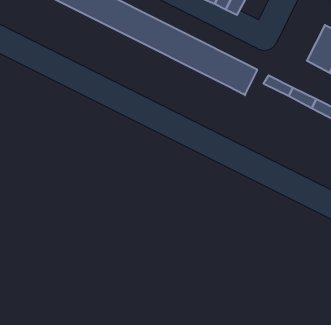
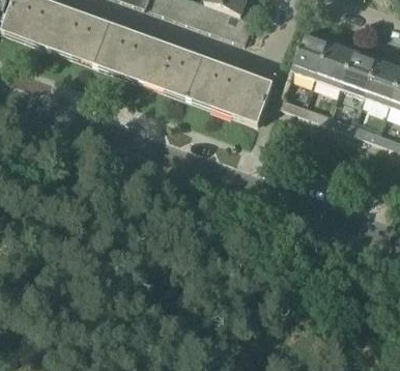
building: none -> [291,32,331,78]

